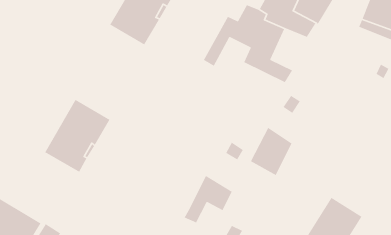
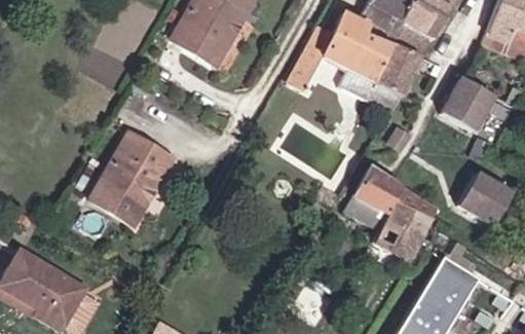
building: none -> [373,44,418,96]
building: none -> [440,76,492,131]
building: none -> [457,172,511,225]
building: [183,175,233,224] -> [372,187,434,248]

